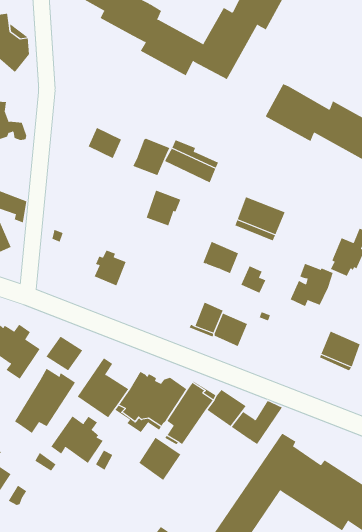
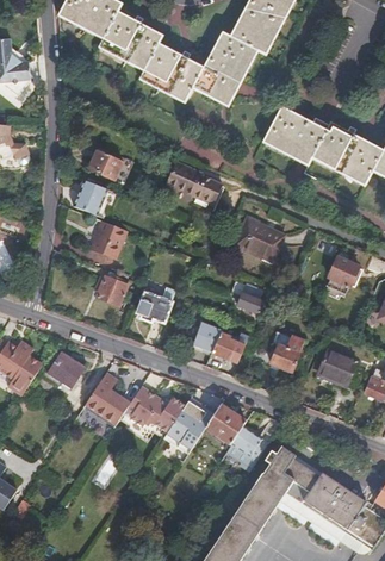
building: [132,138,170,176] -> [73,179,110,216]
building: [146,190,181,226] -> [92,220,126,256]
building: [203,241,239,274] -> [139,289,175,322]
building: [290,263,334,307] -> [262,328,305,370]
building: [14,368,76,434] -> none
building: [50,415,104,464] -> none
building: [139,437,181,481] -> none

